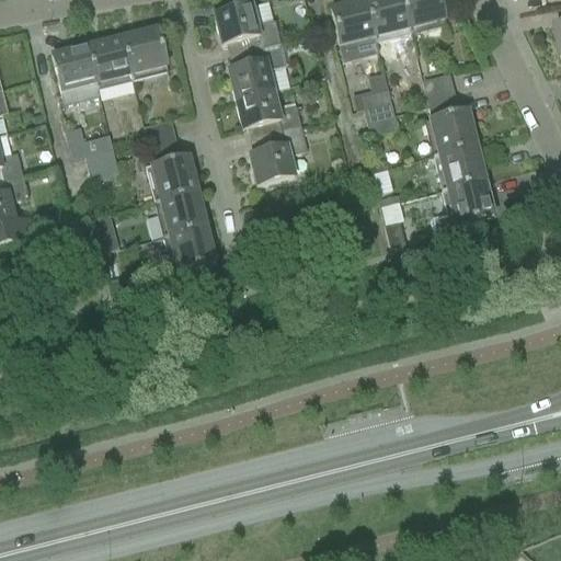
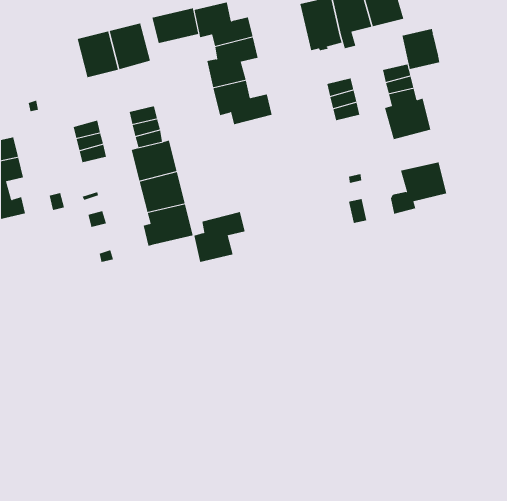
building: none -> [152,7,199,44]
building: none -> [402,28,440,70]
building: [54,43,99,101] -> none
building: [251,126,308,182] -> [194,212,246,262]
building: [435,142,485,187] -> none

